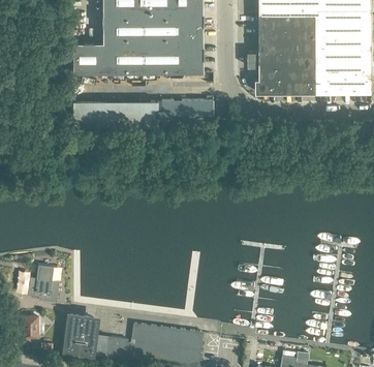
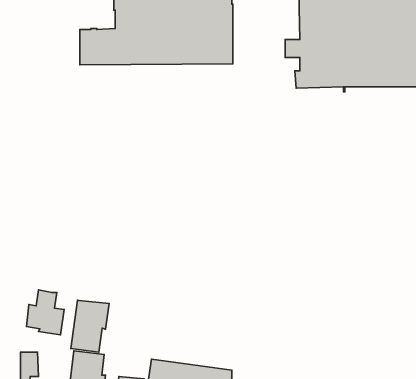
building: [71,98,212,125] -> none
building: none -> [71,300,109,352]

